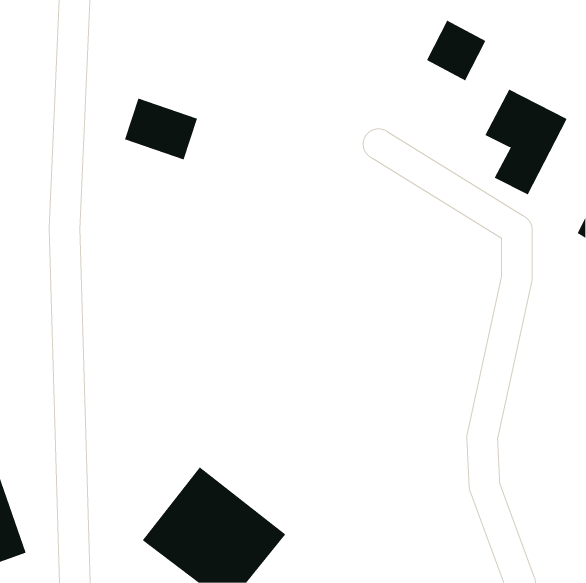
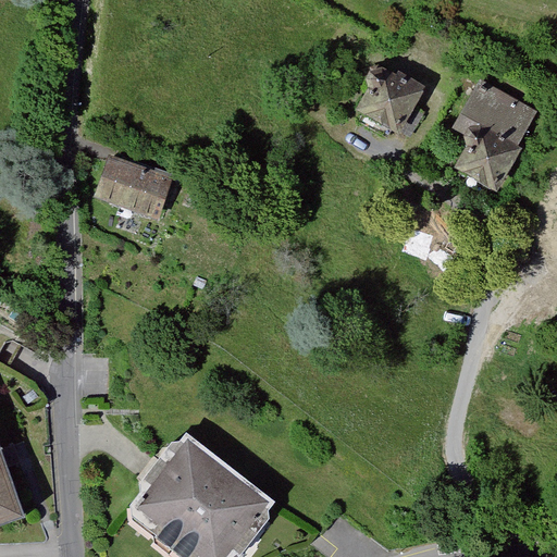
building: [426,20,486,81] -> [363,72,420,129]
building: [124,98,198,160] -> [99,157,169,215]

